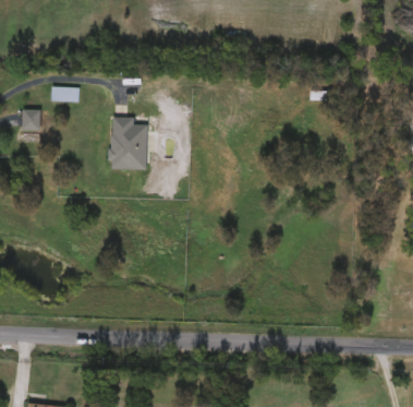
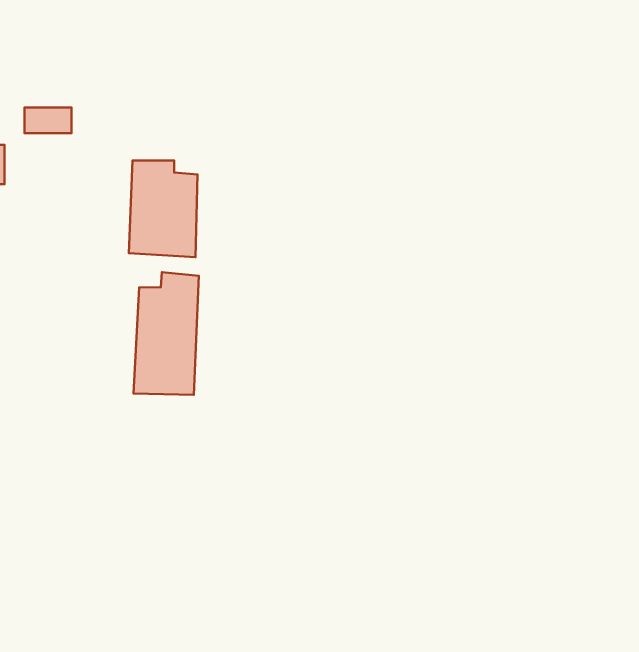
building: none -> [133,272,199,395]

